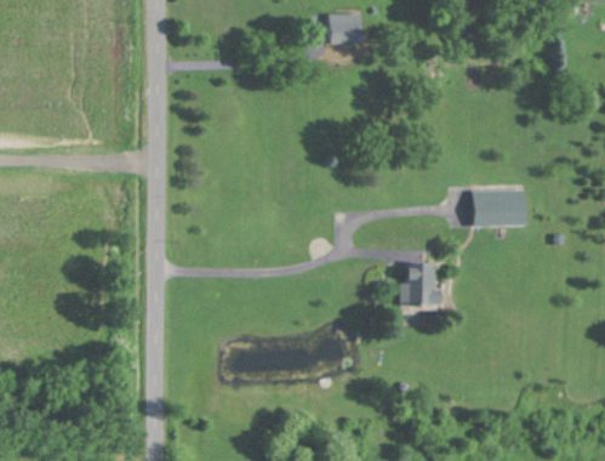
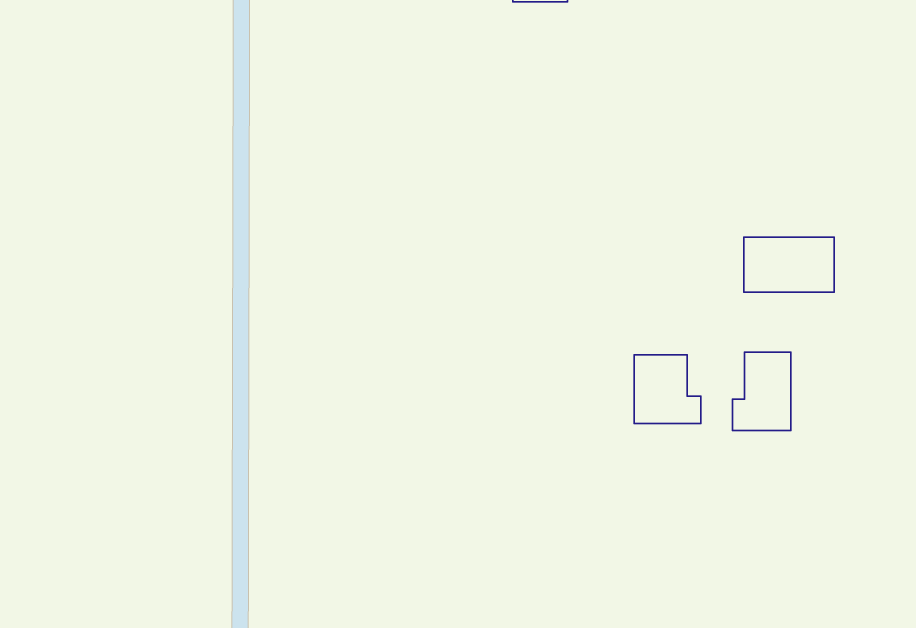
building: none -> [732,352,791,430]

